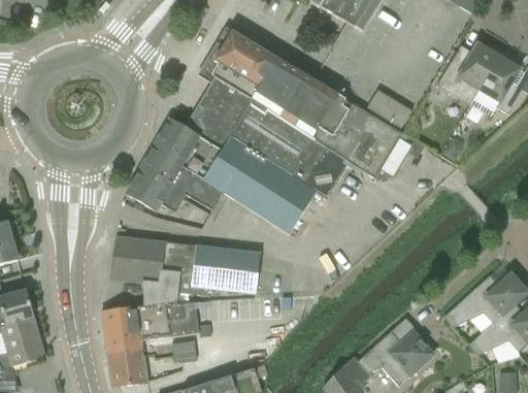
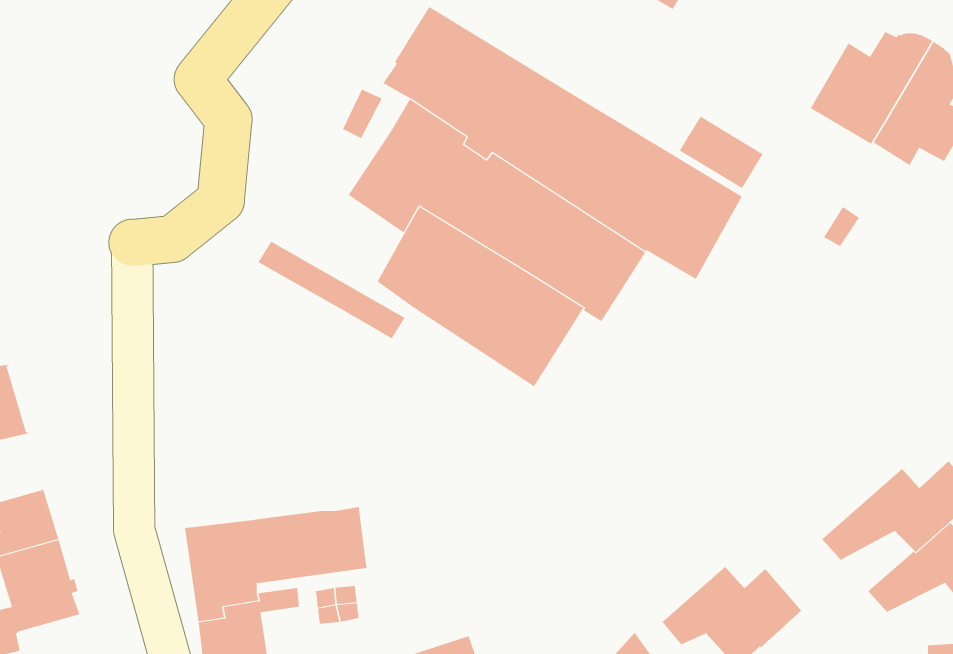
building: [147,118,223,197] -> none
building: [126,167,186,211] -> none
building: [108,236,260,304] -> none

